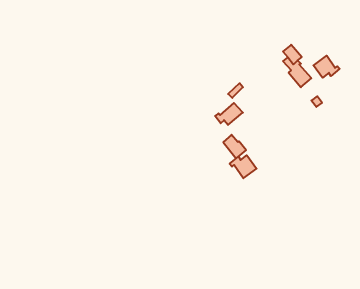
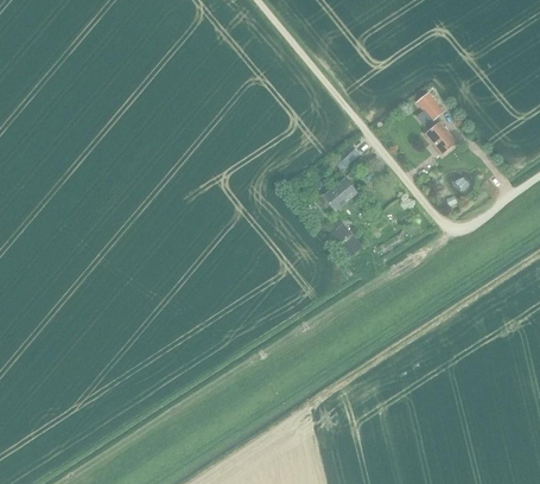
building: [313,56,340,78] -> none
building: [230,155,257,178] -> none

